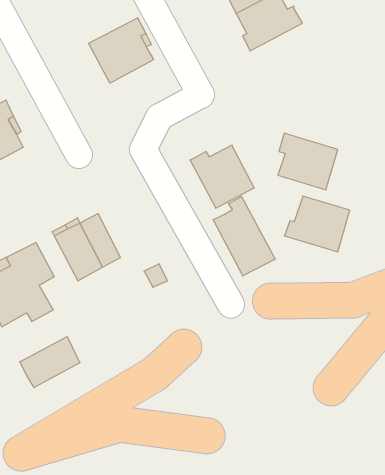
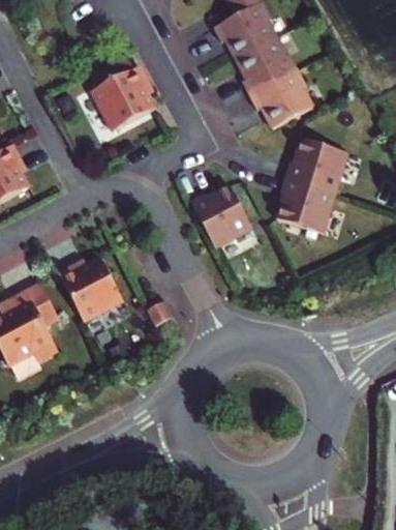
building: none -> [249,69,313,126]
building: [284,196,350,252] -> [282,138,345,192]
building: [213,196,275,276] -> none
building: [20,337,80,388] -> none

